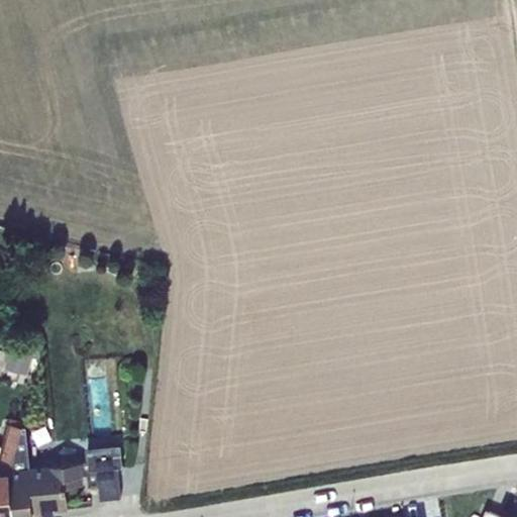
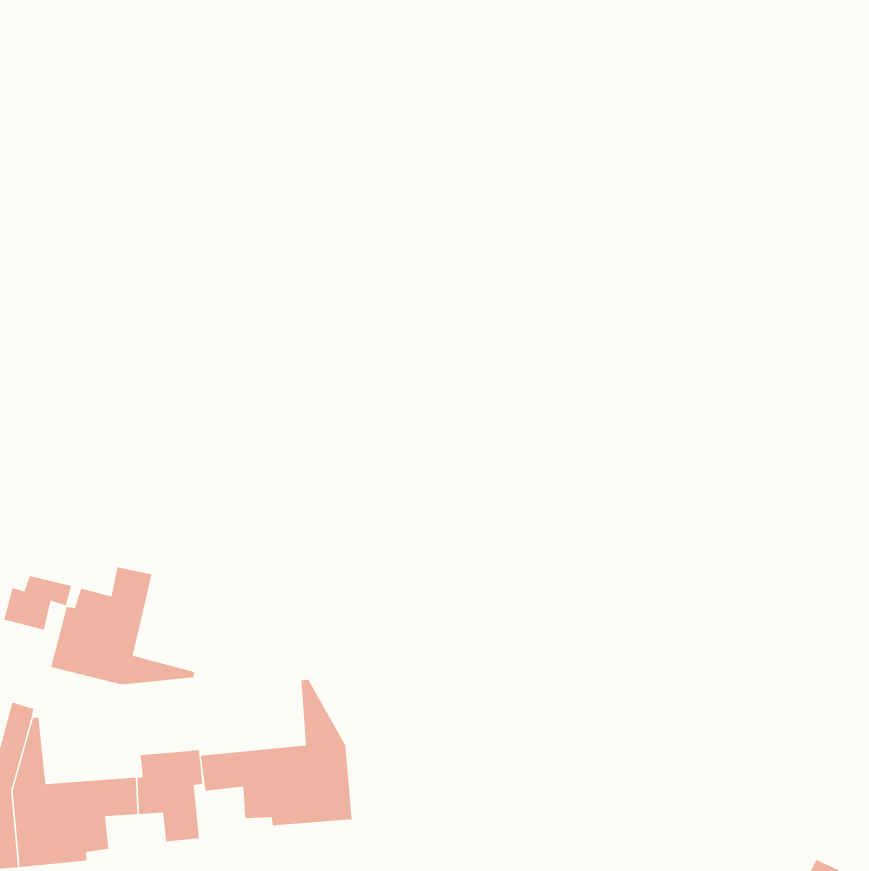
building: none -> [51,567,195,685]
building: none -> [200,679,352,826]

